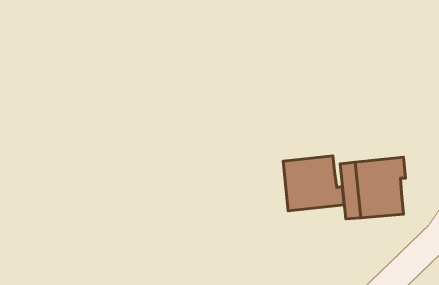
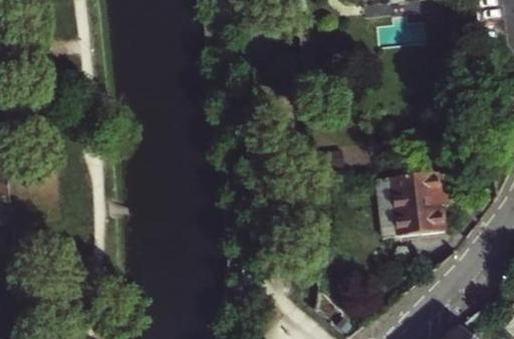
building: [283,156,344,211] -> none

